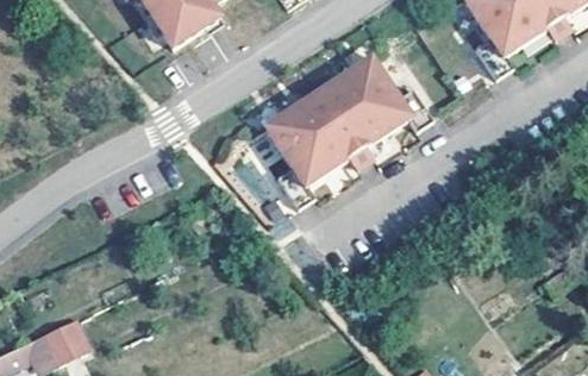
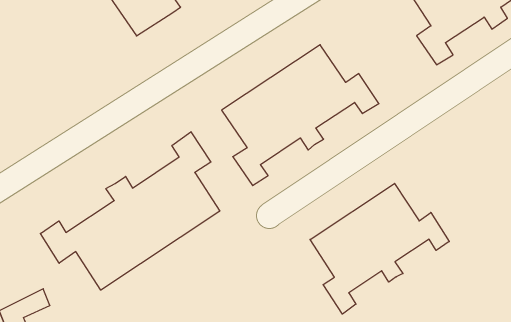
building: none -> [40,132,220,290]
building: none -> [310,183,449,314]

